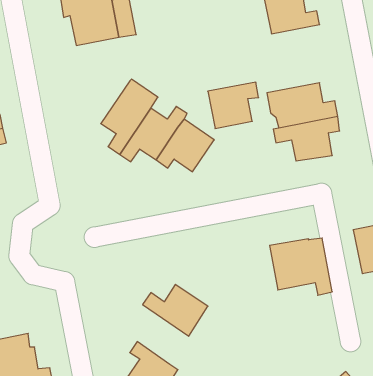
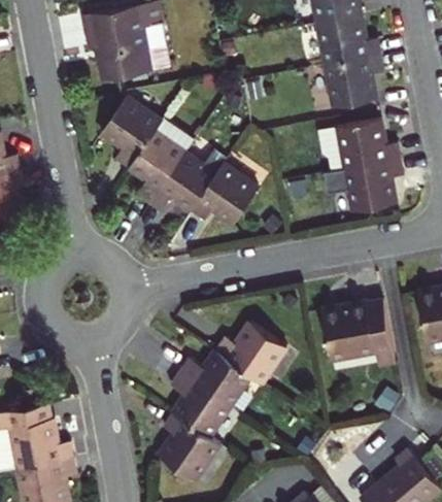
building: none -> [102,96,163,168]
building: [208,82,259,129] -> [324,56,381,108]
building: none -> [214,322,284,382]
building: none -> [169,373,230,441]

